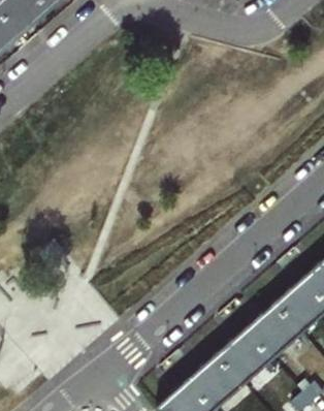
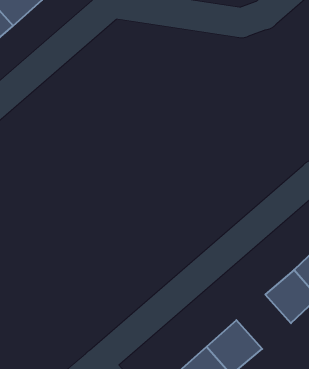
building: [245,303,299,357] -> none

